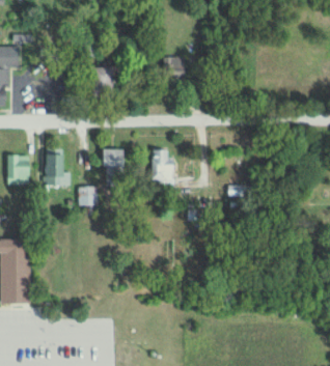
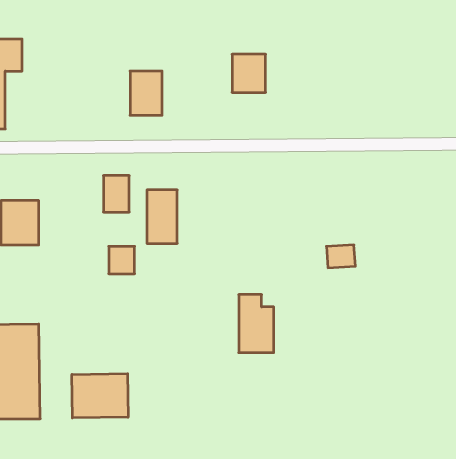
building: [153,149,176,189] -> [239,295,274,353]
building: [45,153,62,178] -> [103,176,129,212]
building: none -> [72,374,128,418]

